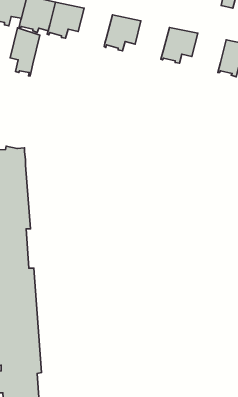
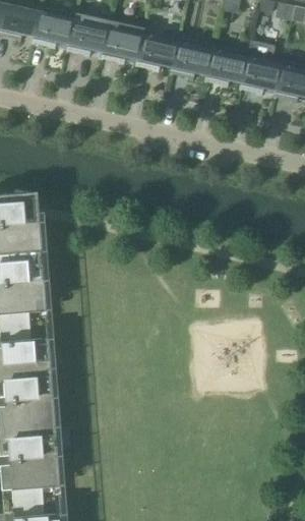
building: none -> [101,22,145,67]
building: none -> [170,38,215,82]
building: none -> [239,41,284,98]
building: [10,28,40,76] -> none

